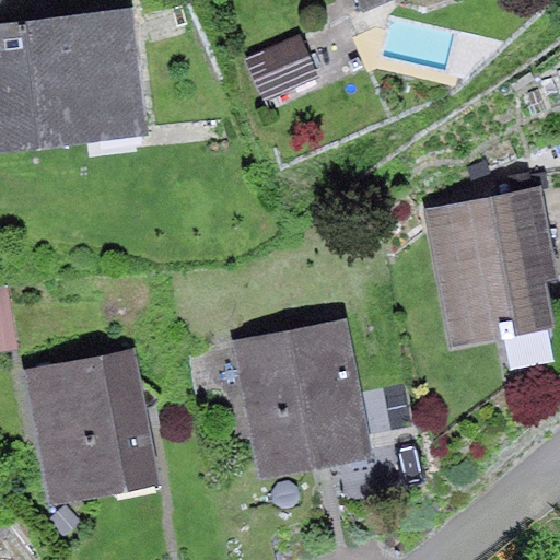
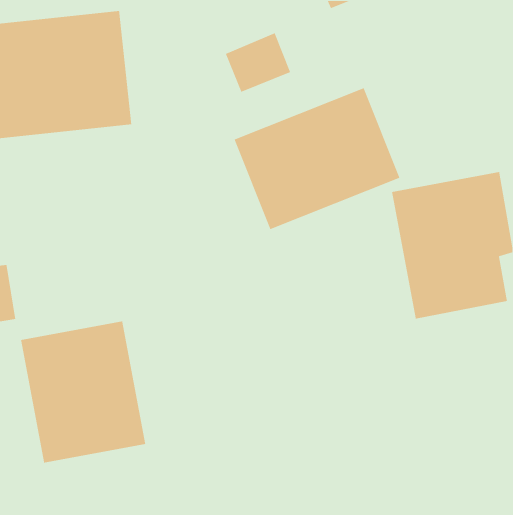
building: none -> [233,87,401,230]
building: [232,320,372,477] -> none

